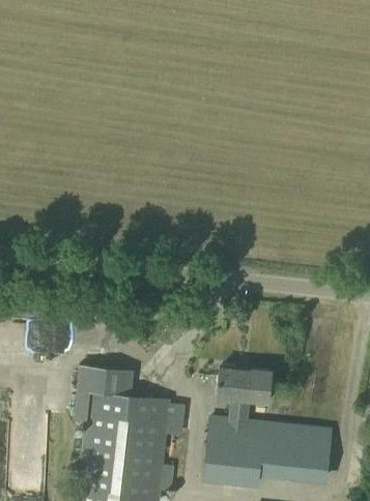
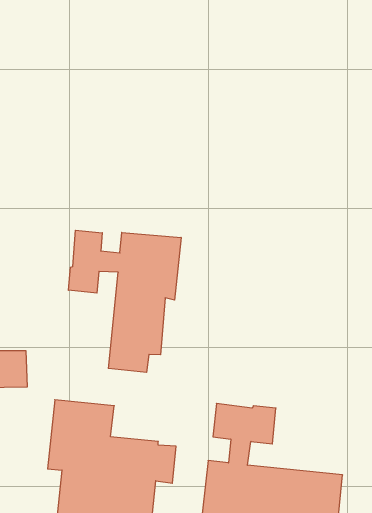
building: none -> [68,230,181,372]

